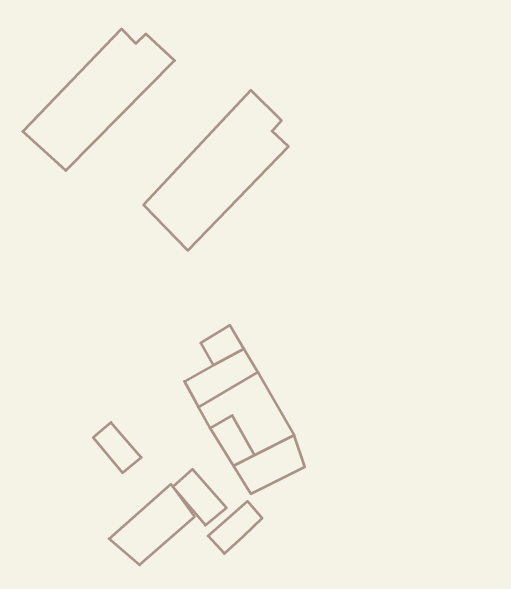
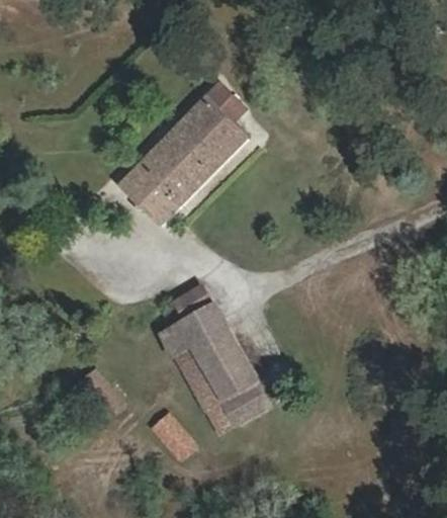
building: [23,29,175,171] -> none
building: [109,484,194,565] -> none
building: [208,501,262,554] -> none

